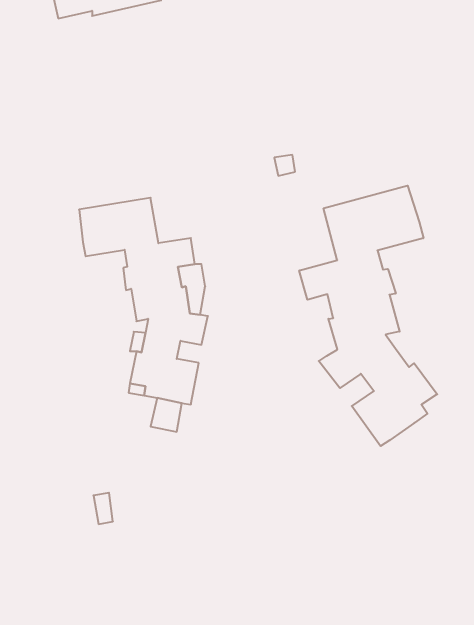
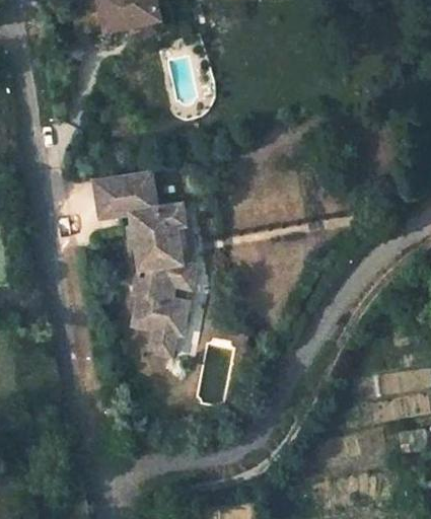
building: [299,186,437,446] -> none

